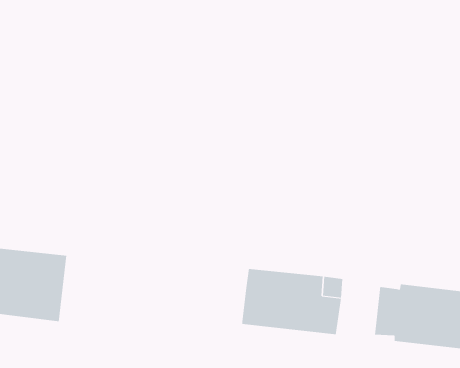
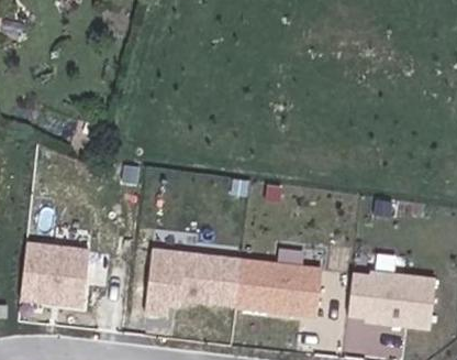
building: none -> [145,249,242,313]

